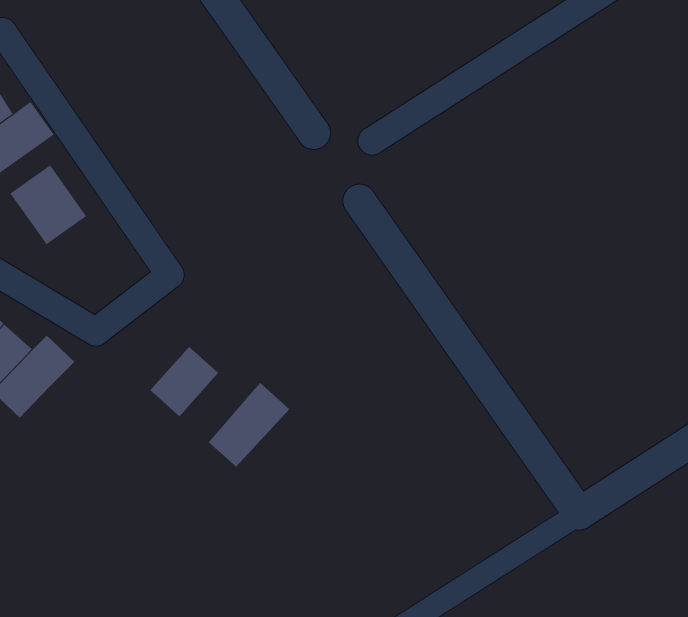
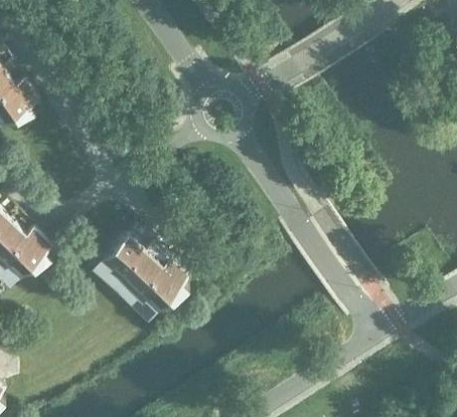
building: [10,165,87,245] -> none
building: none -> [120,254,162,298]

